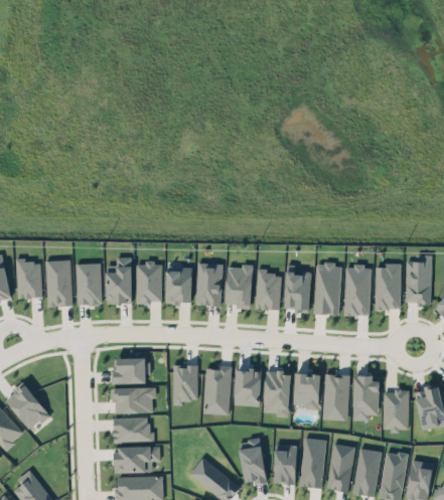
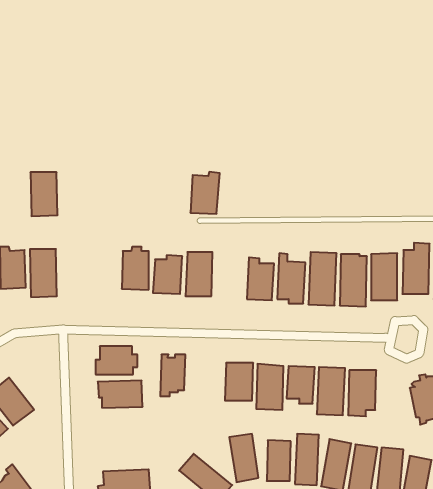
building: [106,258,132,304] -> none
building: [224,262,252,302] -> [190,172,220,214]
building: [76,264,102,306] -> [30,172,58,216]
building: [203,365,231,414] -> none
building: [383,391,409,432] -> none
building: [112,414,151,441] -> none
building: [115,446,160,473] -> none

